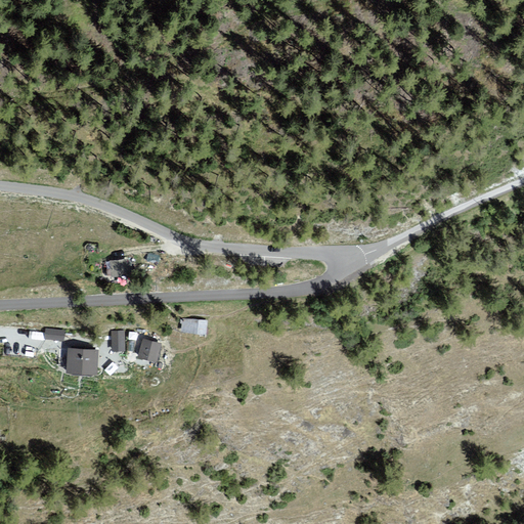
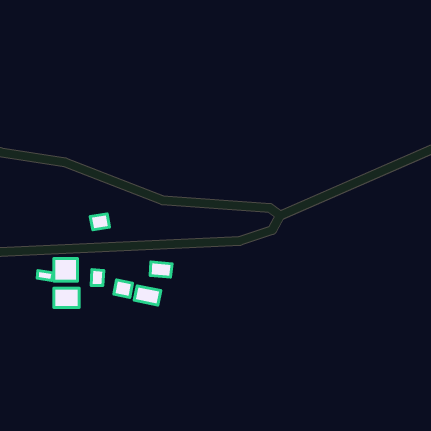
building: none -> [54,259,77,281]
building: none -> [134,286,161,305]

